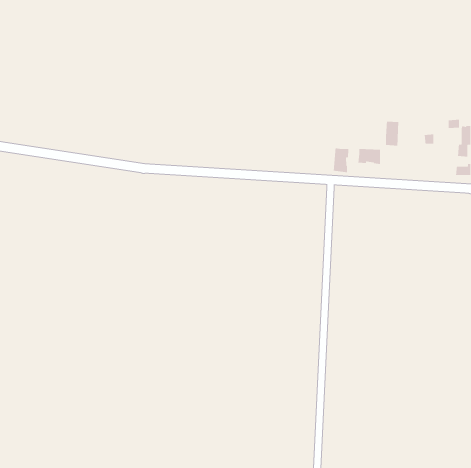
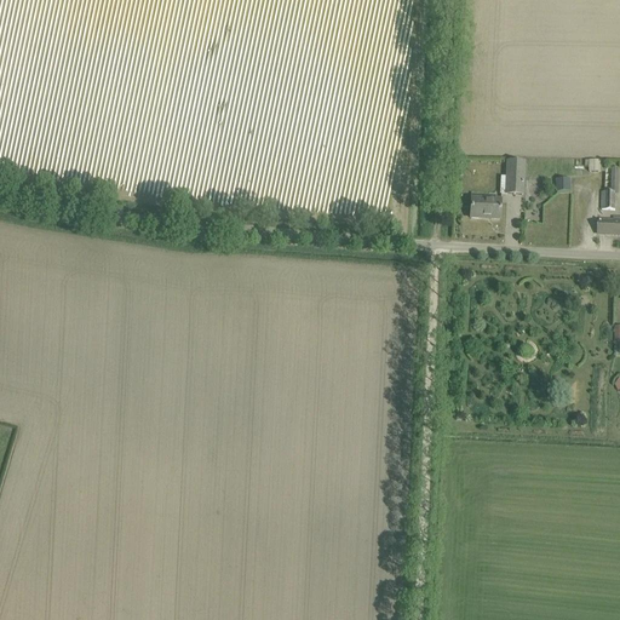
building: [333,147,349,173] -> none

